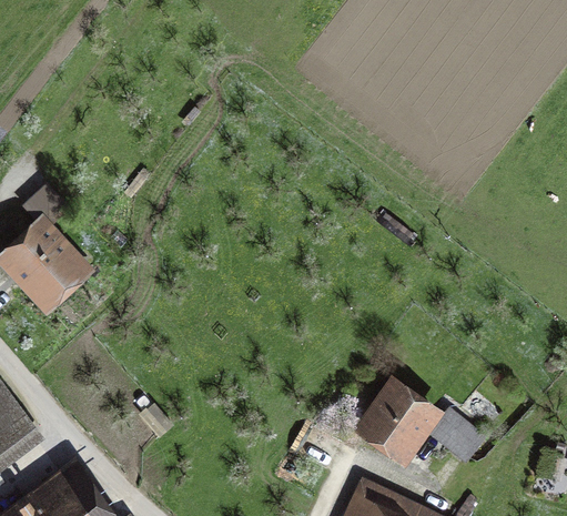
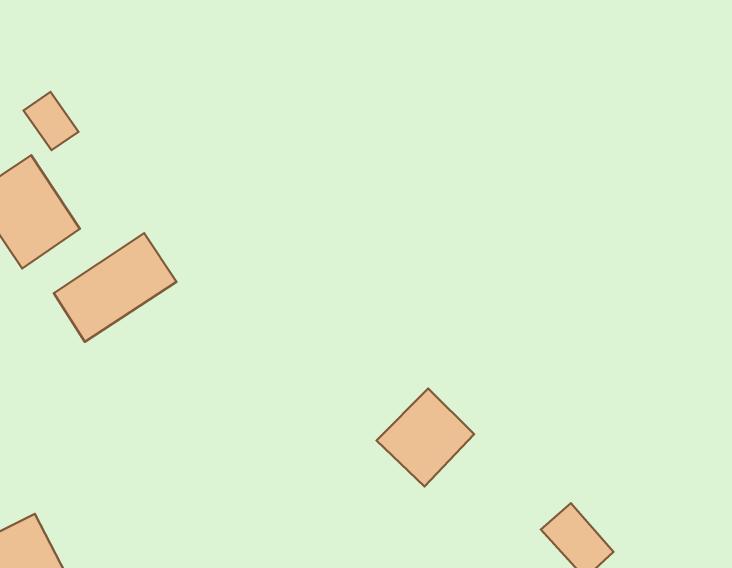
building: none -> [54,233,176,342]
building: [361,385,427,453] -> [377,389,474,486]

